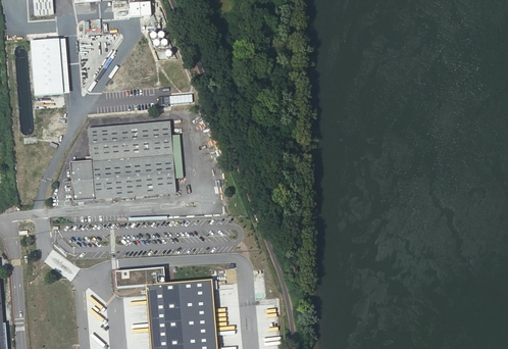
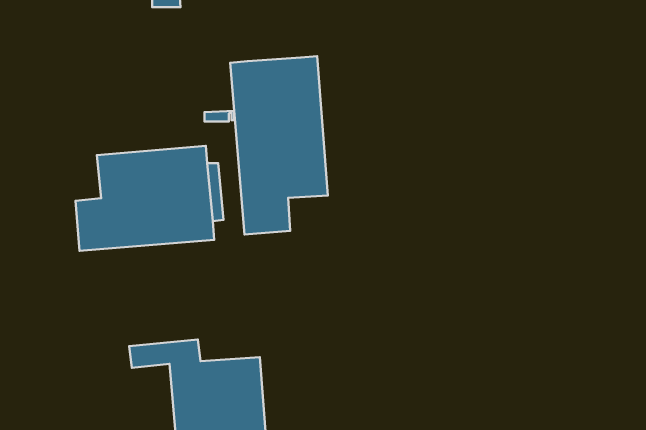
building: [27,37,62,91] -> none
building: none -> [230,56,328,234]

